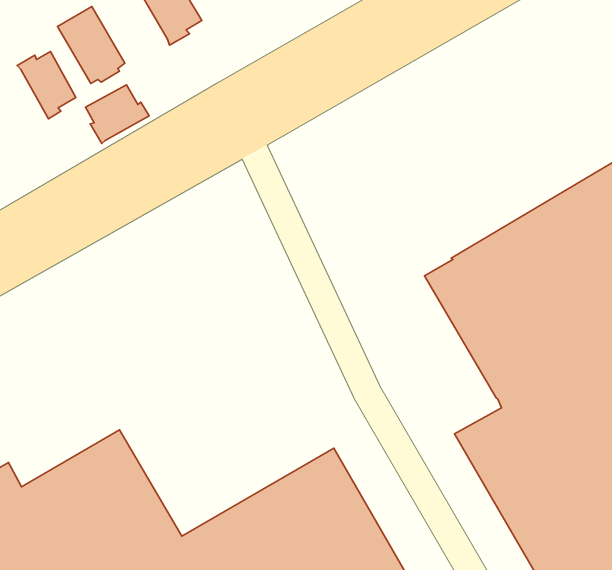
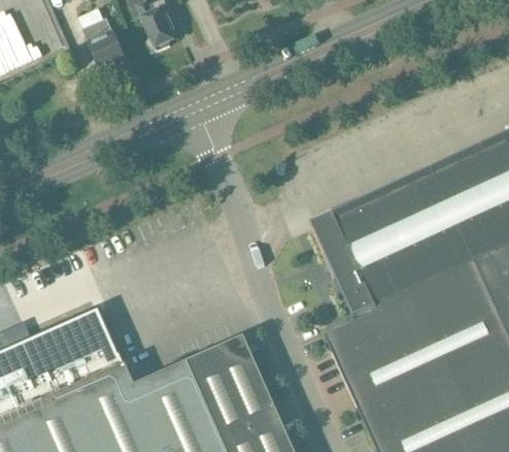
building: [17,52,76,119] -> none
building: [85,85,149,144] -> none

